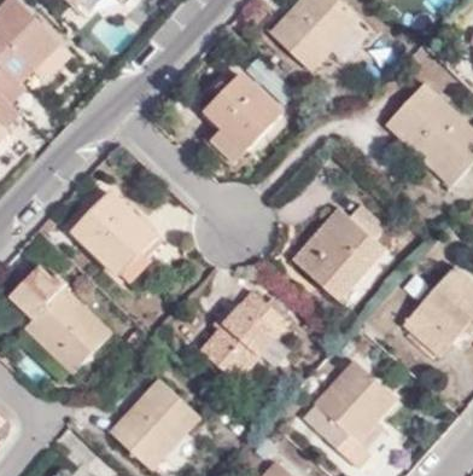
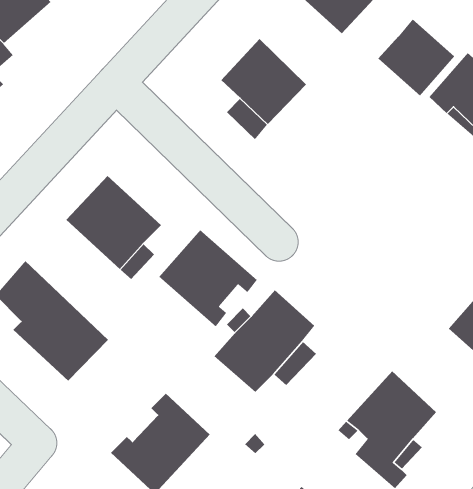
building: none -> [378,19,455,96]
building: [293,205,384,301] -> none
building: none -> [158,229,258,327]

